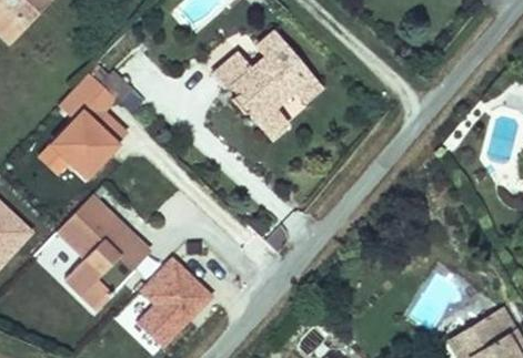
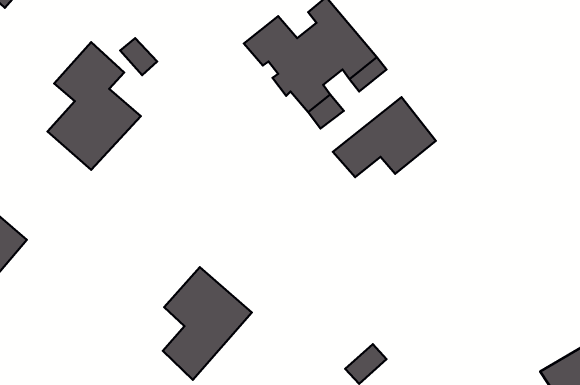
building: none -> [333,97,436,177]
building: [60,197,135,310] -> none

